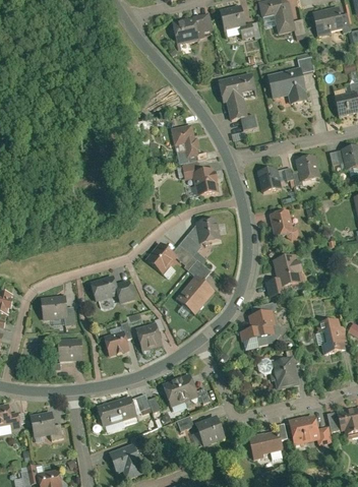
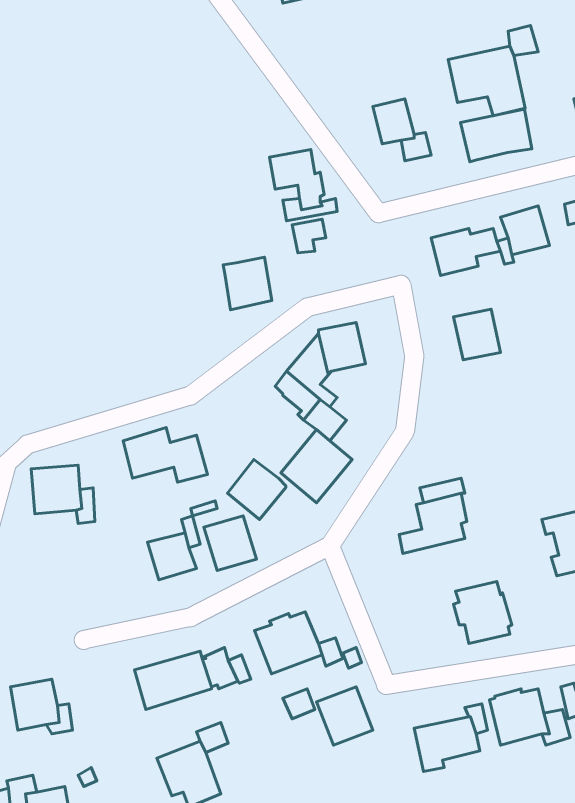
building: [217,72,255,101] -> [461,109,532,162]
building: [192,168,219,196] -> [223,257,272,310]
building: [144,241,176,273] -> [228,459,286,520]
building: [264,254,302,296] -> none
building: [56,338,82,362] -> none

